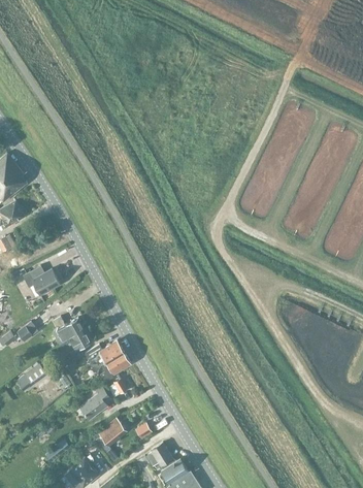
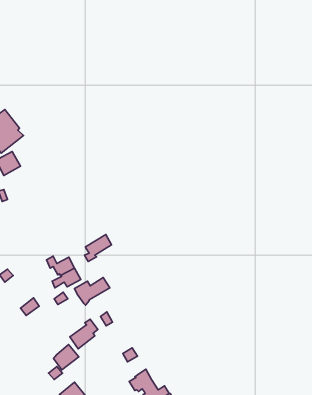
building: [22,269,59,295] -> none
building: [99,352,129,382] -> [84,235,111,262]
building: [98,418,126,446] -> [54,345,79,370]

